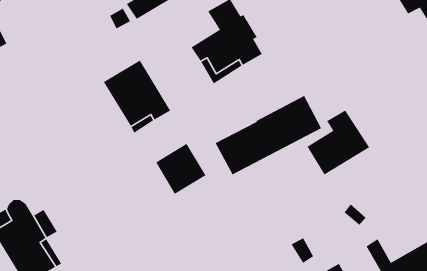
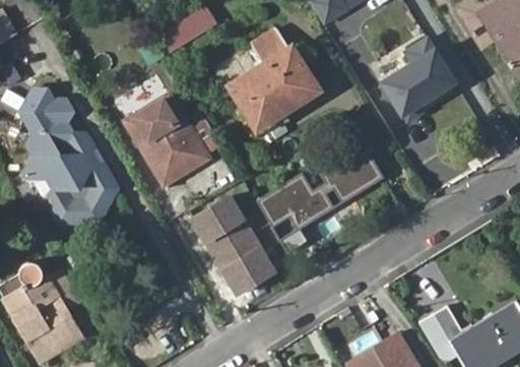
building: none -> [22,87,113,224]
building: [307,109,370,176] -> [384,39,457,115]
building: none -> [213,234,272,293]

